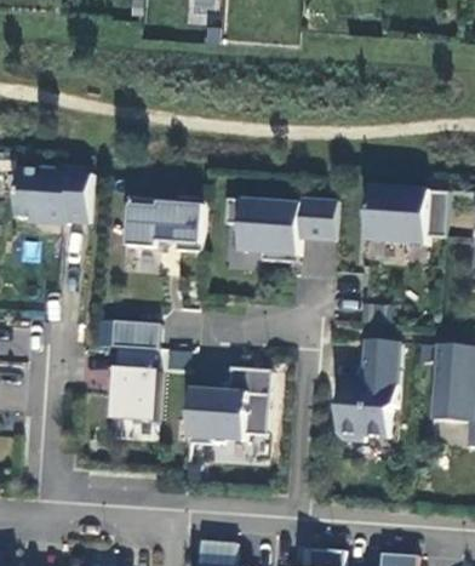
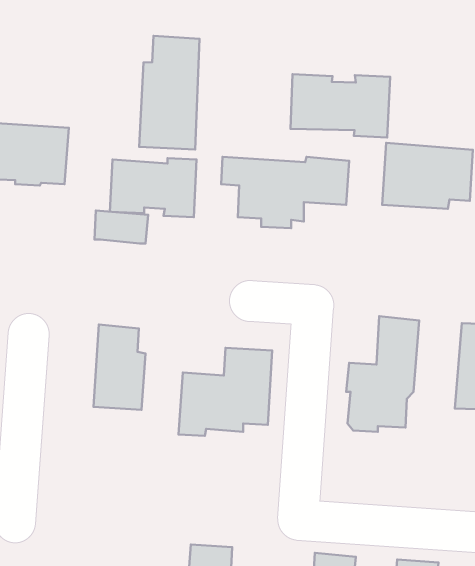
building: none -> [139,36,199,149]
building: none -> [290,74,390,137]
building: [111,320,159,349] -> [95,211,148,244]

